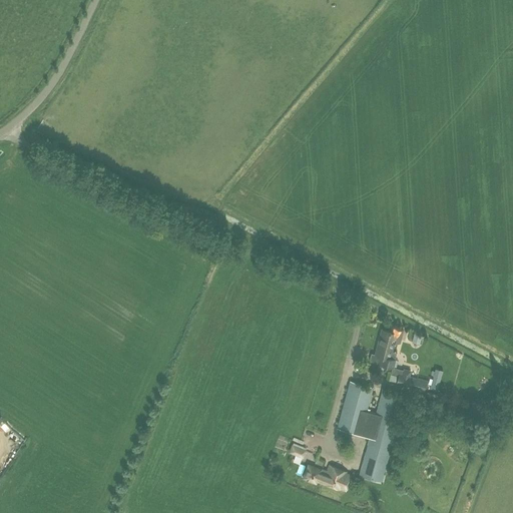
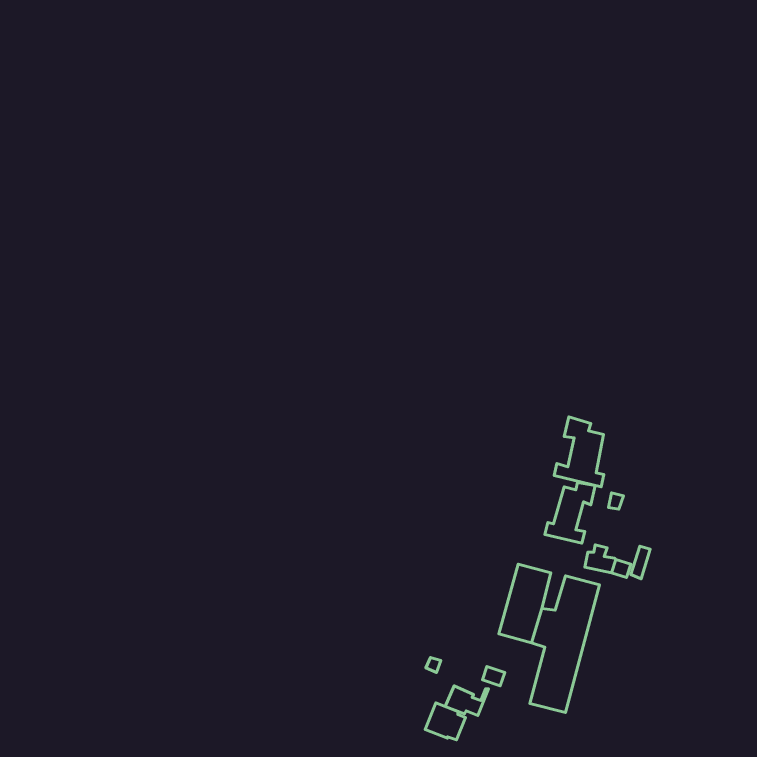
building: none -> [554,417,604,487]
building: [323,466,350,491] -> [425,703,465,740]

